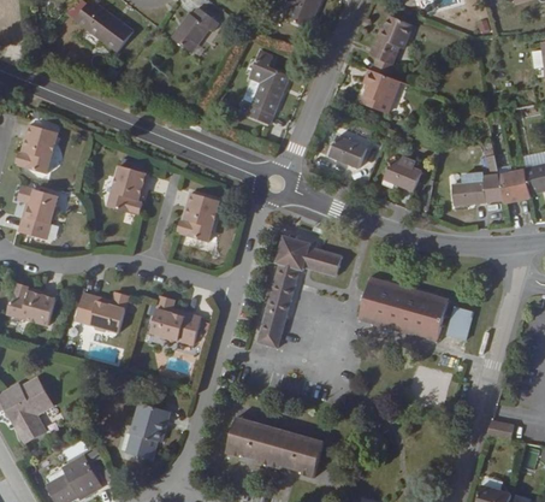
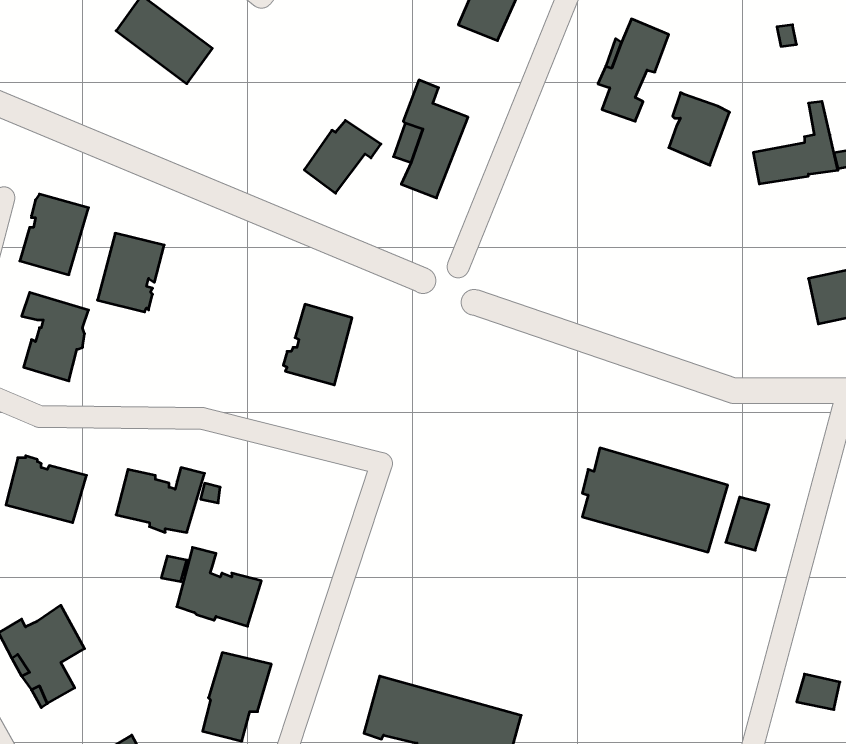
building: [173,10,220,54] -> [304,120,381,193]
building: [361,70,398,114] -> [669,93,730,165]
building: [328,137,366,169] -> none
building: [450,154,502,205] -> [753,101,838,184]
building: [384,158,421,191] -> none
building: [106,165,147,213] -> [97,233,164,312]
building: [256,237,340,348] -> none
building: [148,295,200,343] -> [177,547,261,626]

